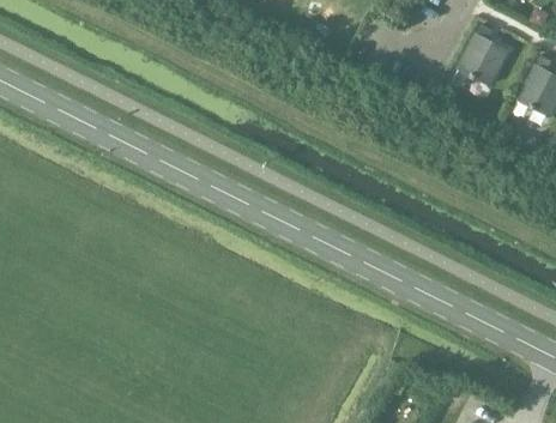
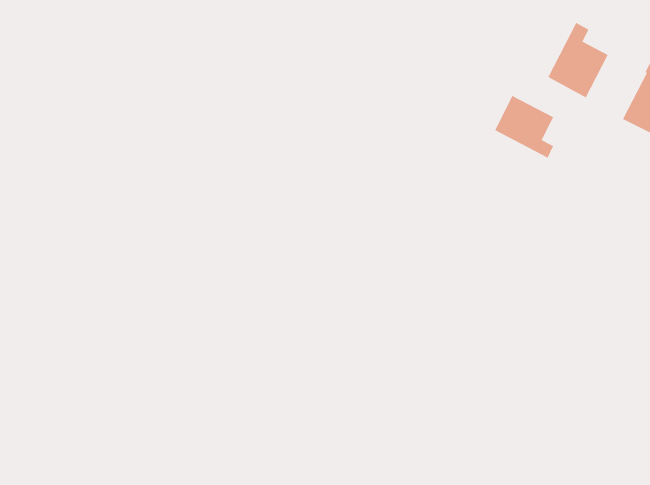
building: none -> [495,95,554,158]

